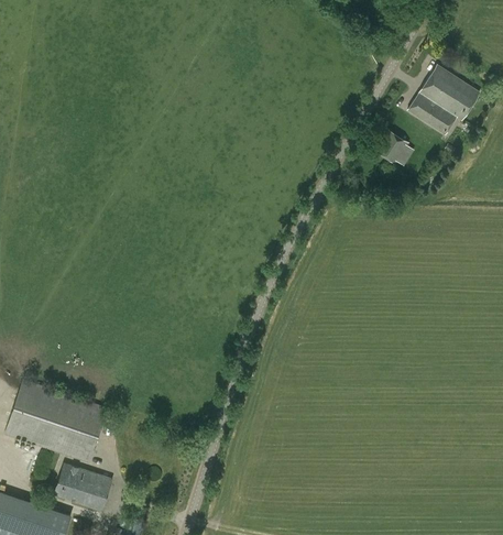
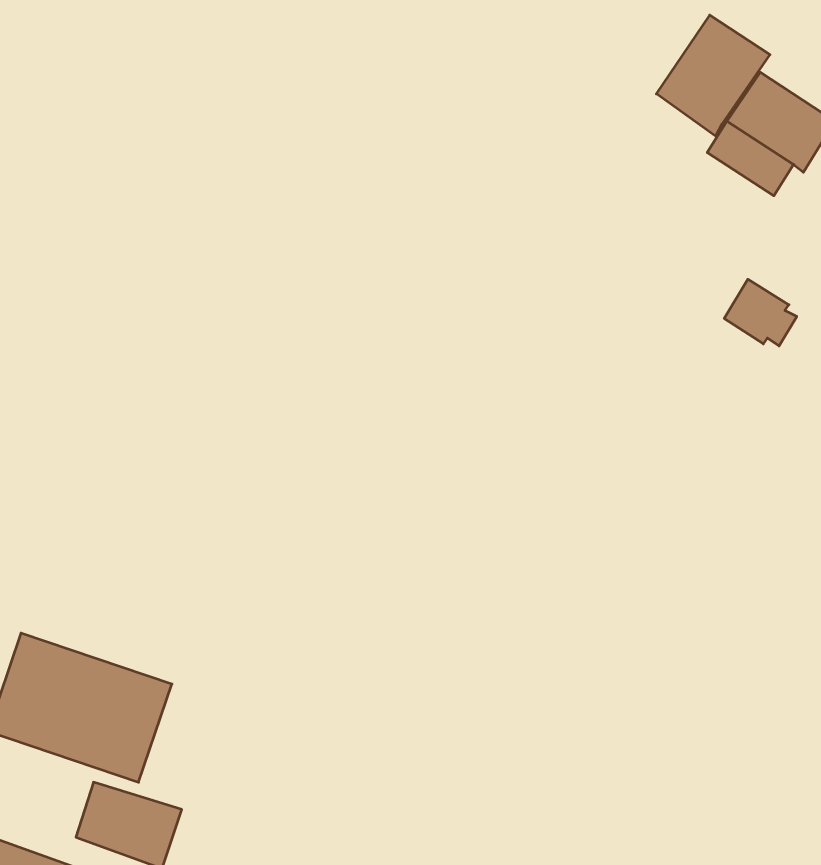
building: none -> [656,15,770,136]
building: [373,128,414,165] -> [724,279,797,346]

